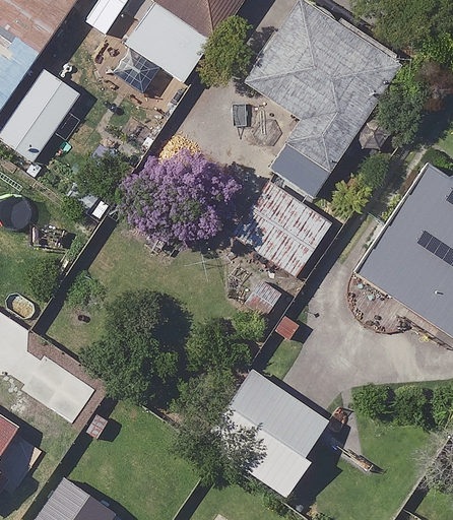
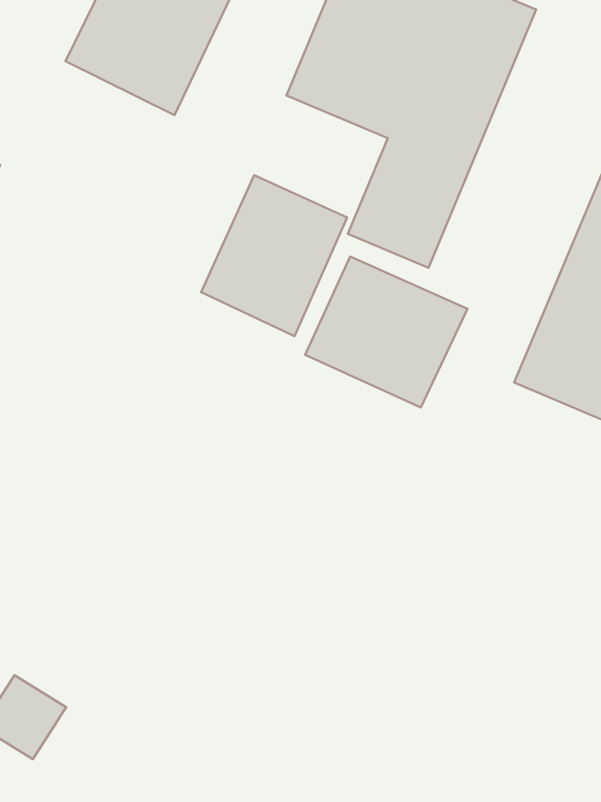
building: none -> [201,175,347,336]
building: [204,369,328,498] -> none

